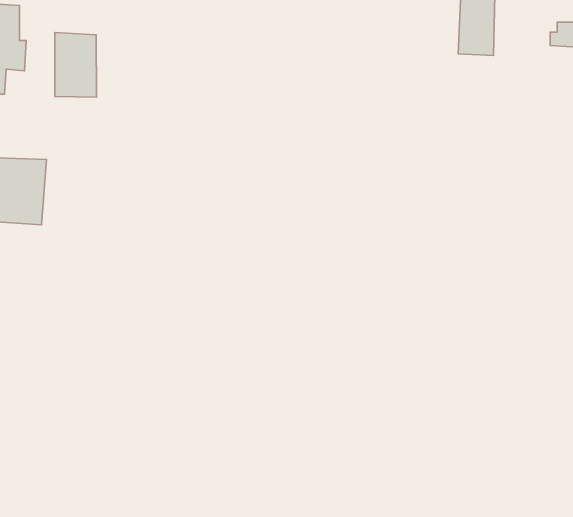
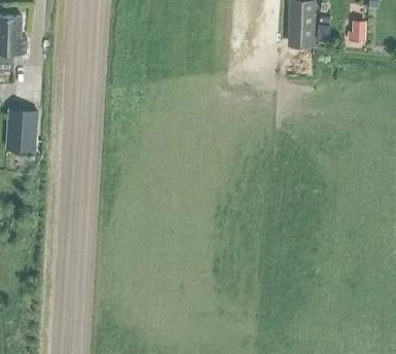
building: [55,33,96,97] -> none

